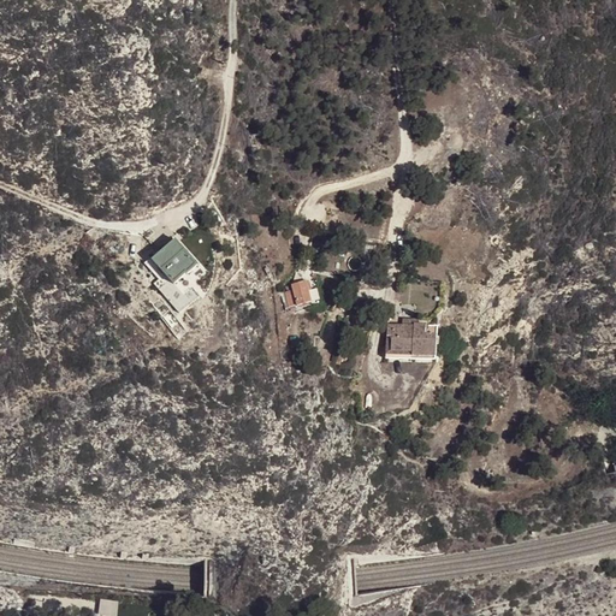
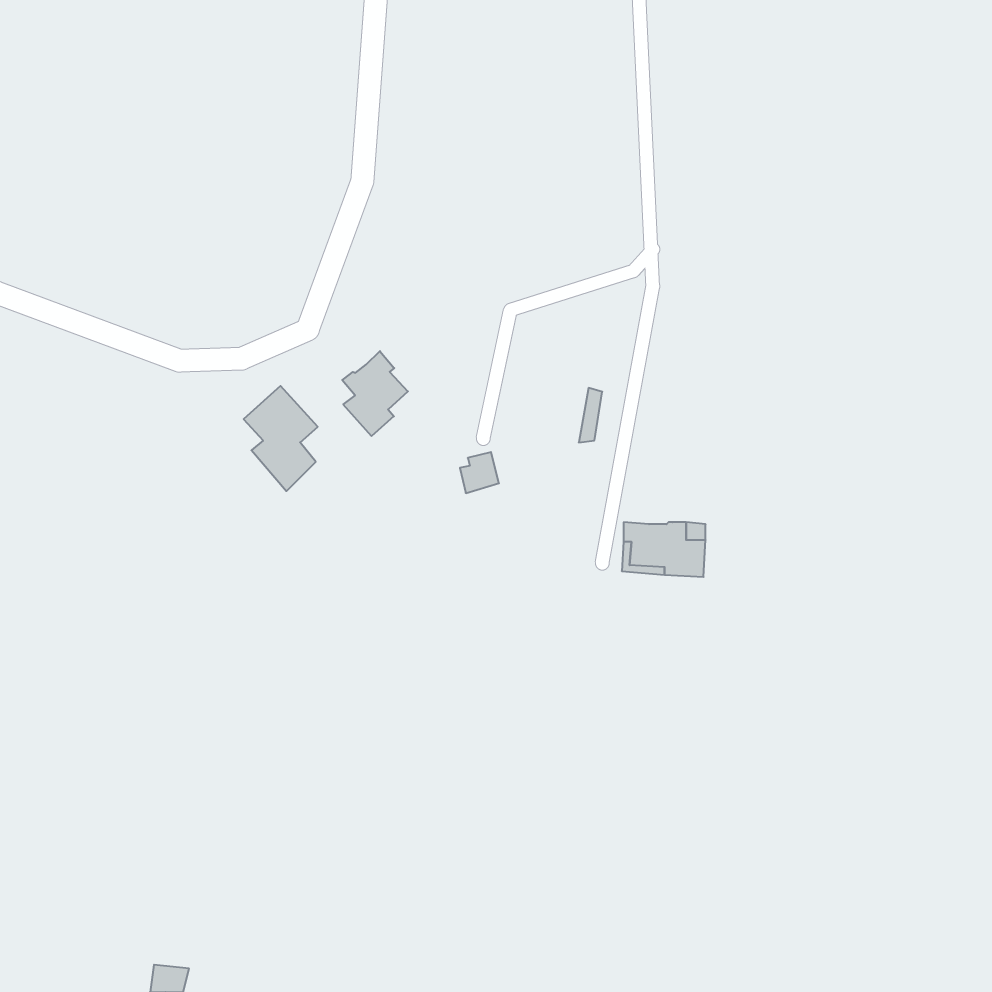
building: none -> [342,351,408,436]

